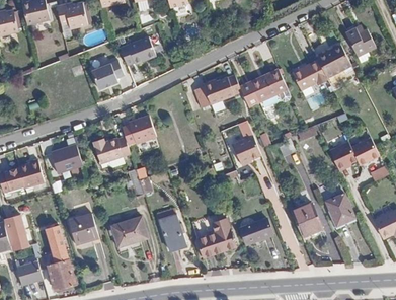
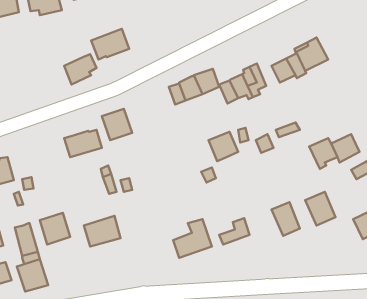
building: [341,28,371,57] -> none
building: [50,144,82,174] -> none
building: [159,214,185,248] -> none

